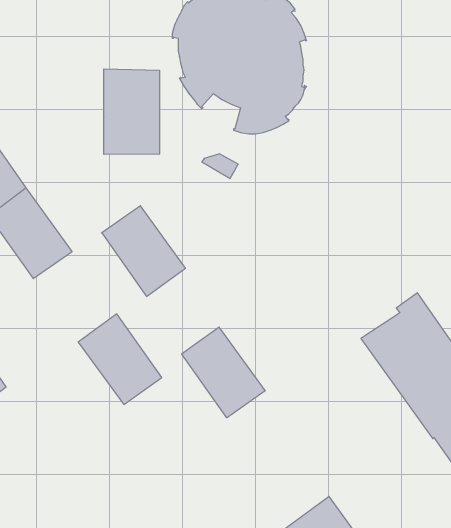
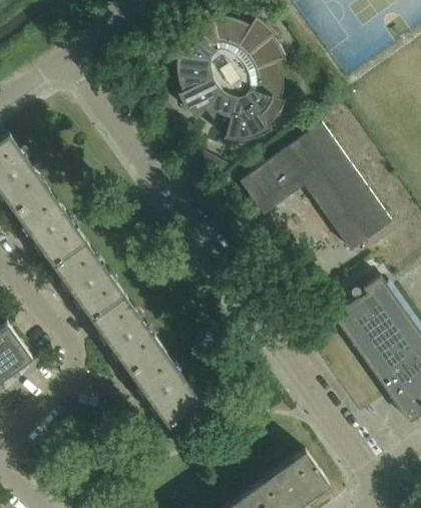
building: [104,69,160,154] -> none
building: none -> [240,122,391,250]
building: [102,206,185,296] -> [53,240,124,318]
building: [182,327,265,418] -> [130,348,201,425]

